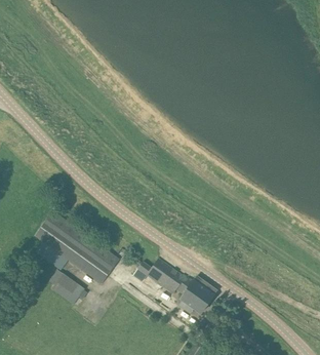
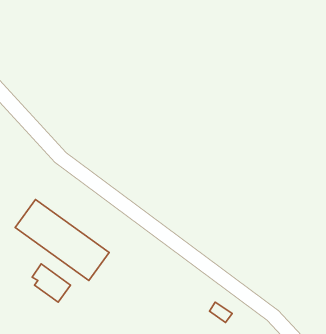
building: [132,260,214,315] -> none

